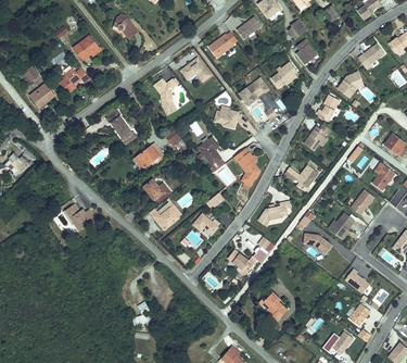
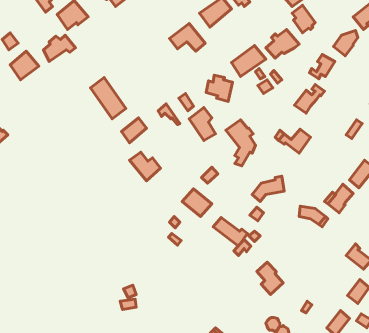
building: [153,79,180,118] -> none
building: [151,205,185,234] -> none
building: [65,206,98,233] -> none

